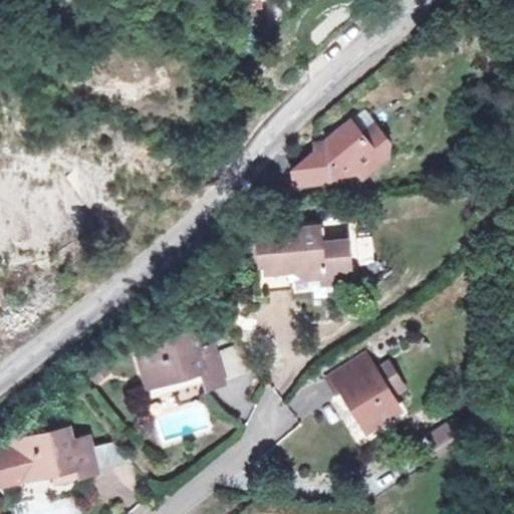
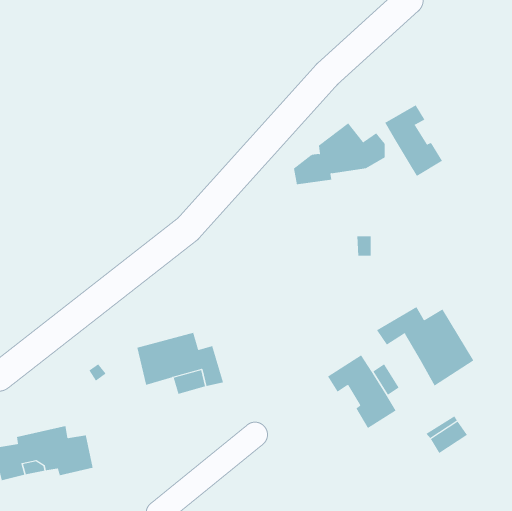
building: none -> [384,104,443,177]
building: [262,229,349,284] -> none
building: none -> [376,306,474,386]

